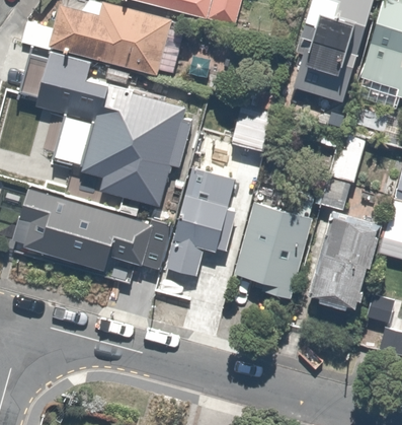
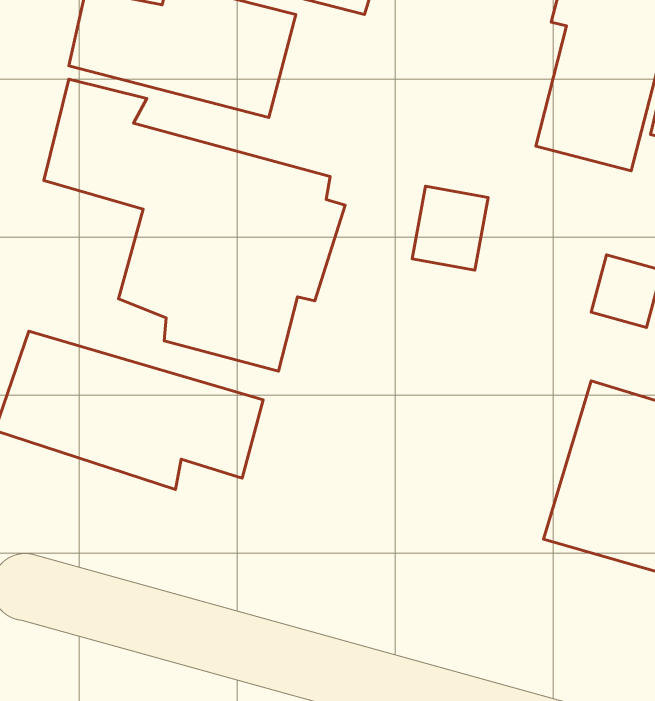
building: [163,164,240,277] -> none
building: [231,194,317,298] -> none

